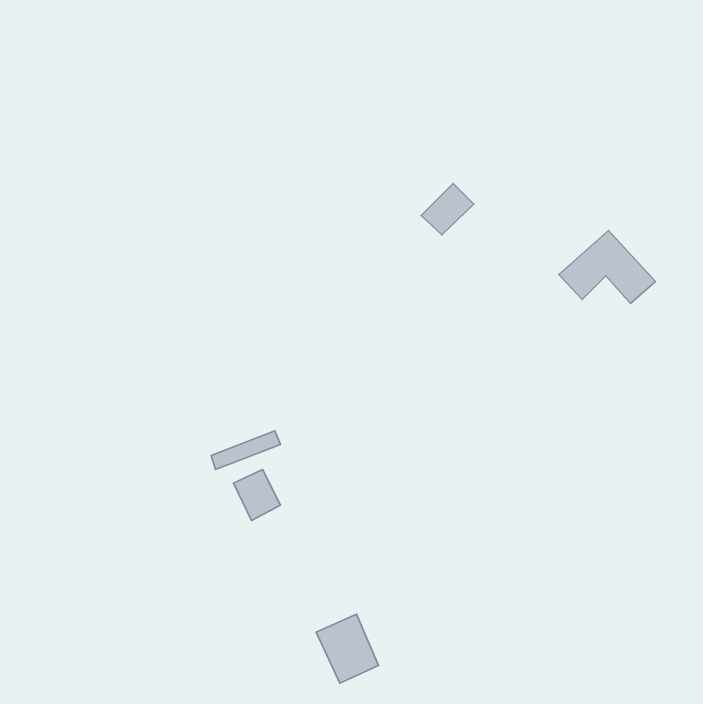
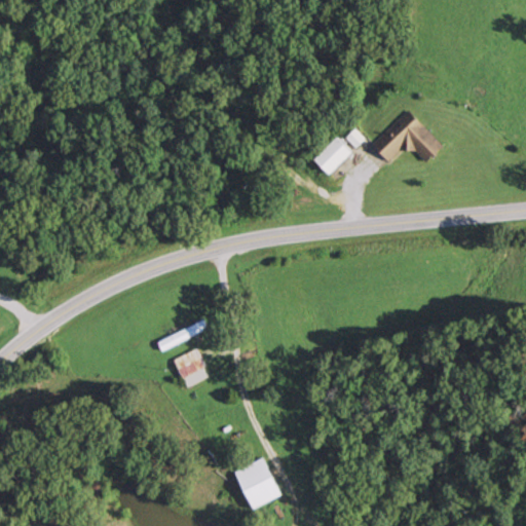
building: [559,230,655,304] -> [372,111,444,165]

